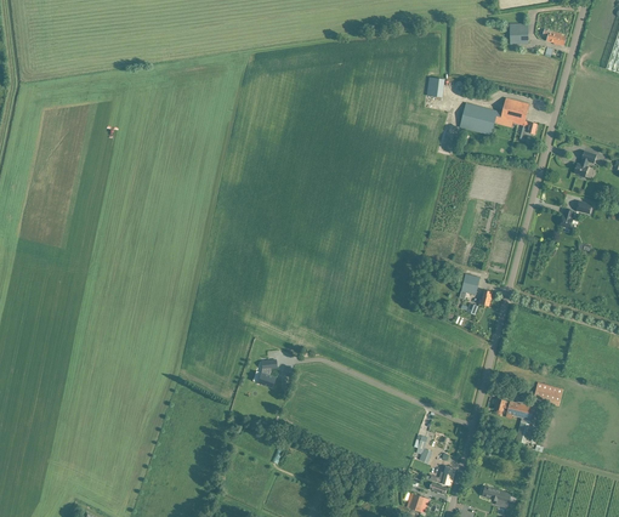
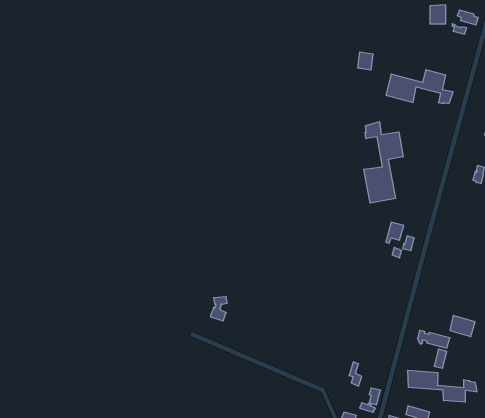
building: none -> [364,122,403,203]
building: none -> [408,370,477,402]

